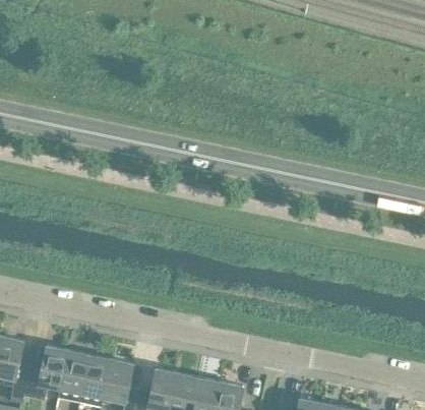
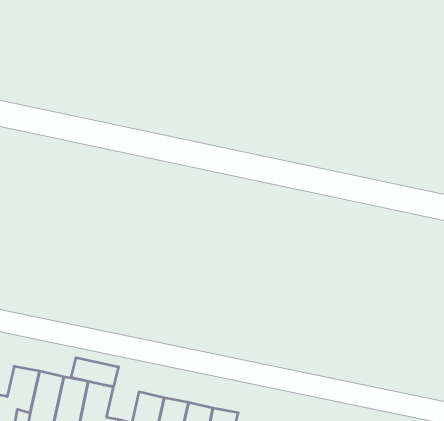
building: none -> [71,358,118,387]

